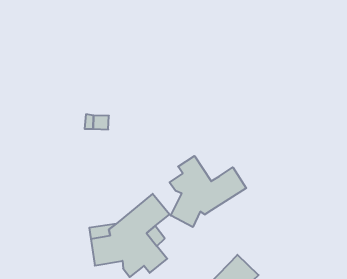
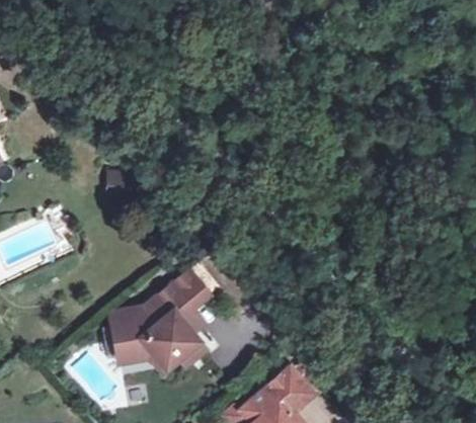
building: [170,156,246,227] -> none

